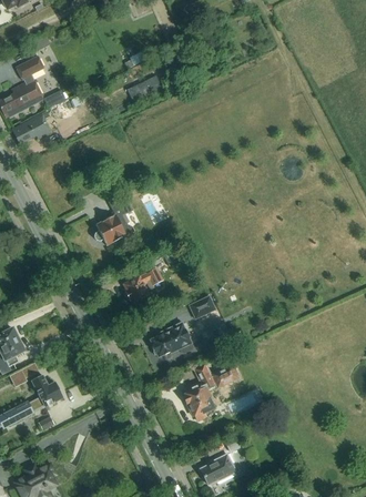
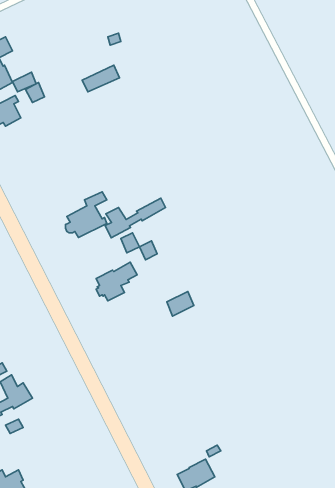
building: none -> [105,198,166,238]
building: [150,323,193,361] -> none
building: [183,363,240,420] -> none

